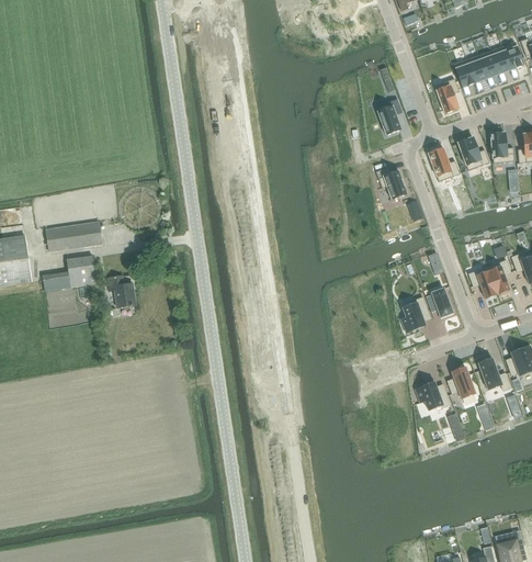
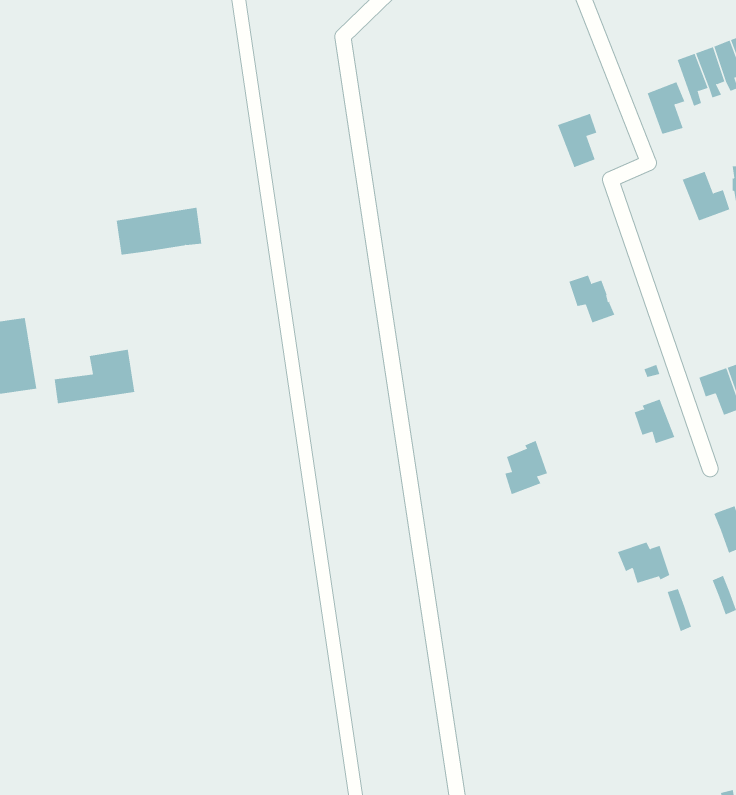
building: [428,148,460,181] -> none
building: [376,167,407,199] -> [568,275,615,323]
building: [45,221,102,252] -> [116,207,202,255]
building: [106,276,135,307] -> none
building: [401,296,430,333] -> [505,440,548,495]
building: [448,367,475,398] -> none

